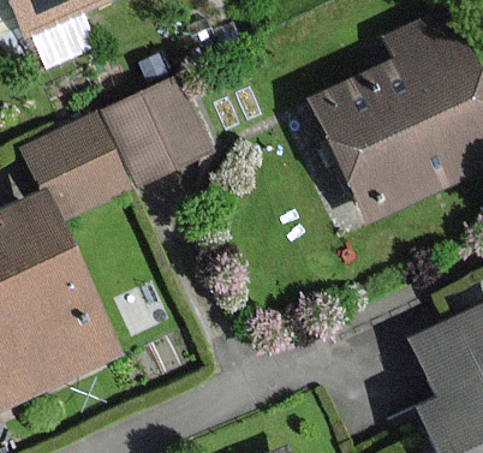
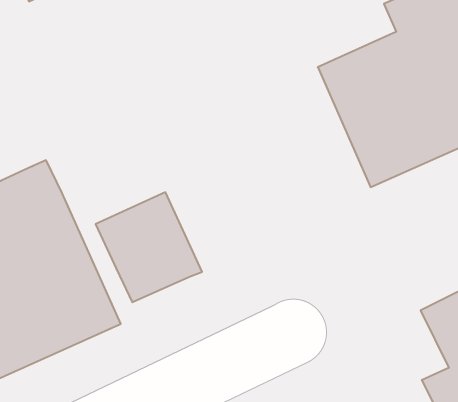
building: [103,78,208,187] -> none
building: [28,115,132,223] -> [96,192,202,302]

